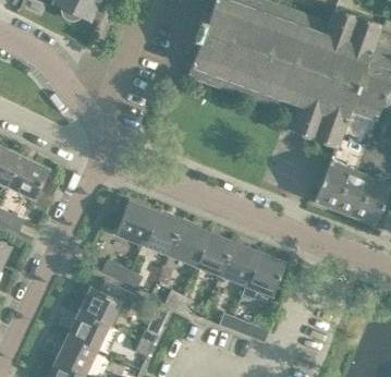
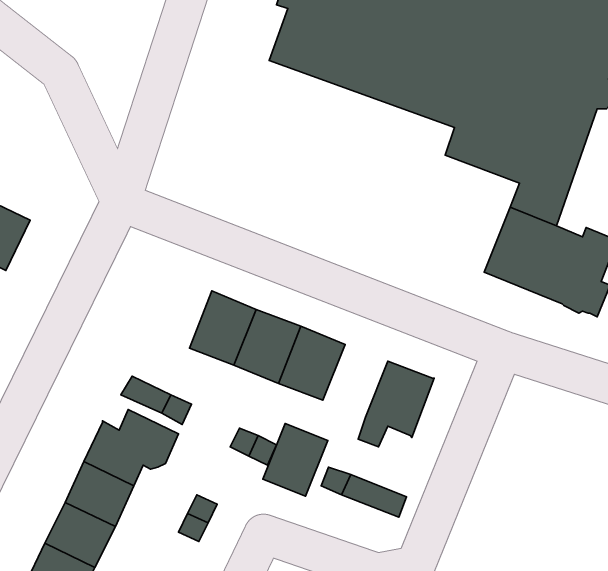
building: [115,200,155,244] -> none
building: [220,242,258,284] -> [263,424,328,496]

